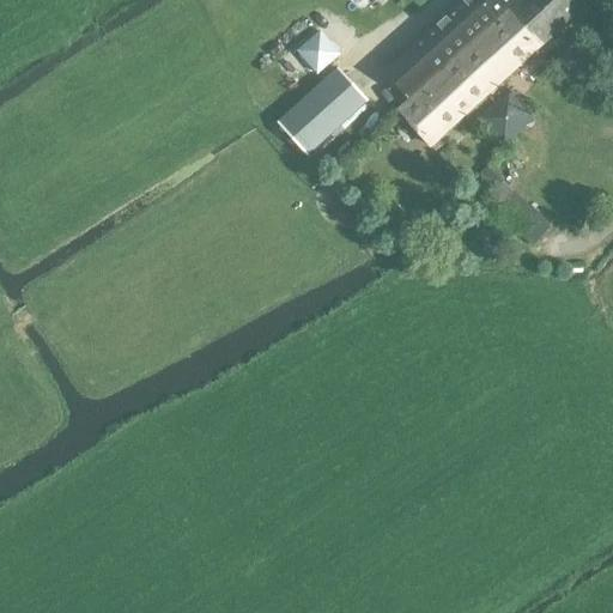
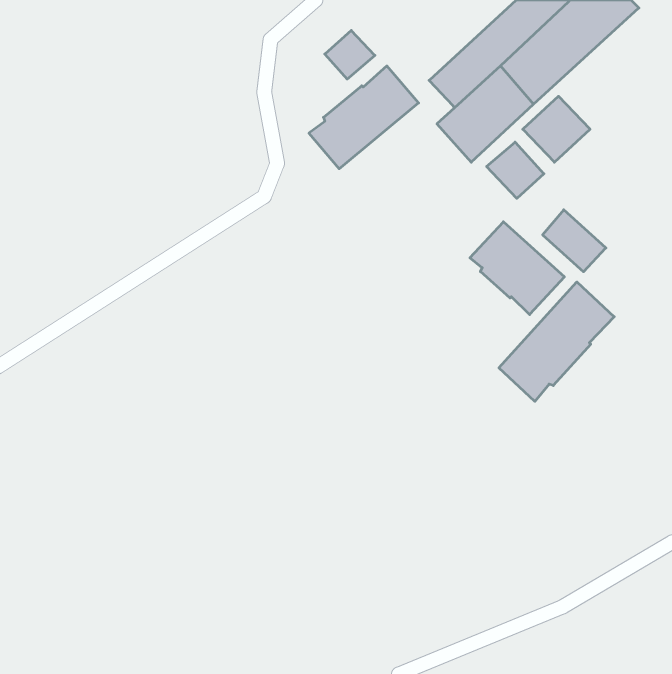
building: none -> [487,142,544,198]
building: none -> [470,222,564,315]
building: none -> [499,282,614,401]

